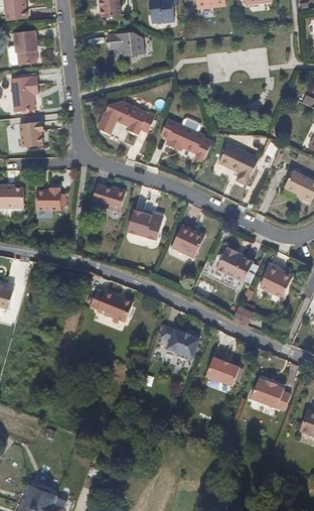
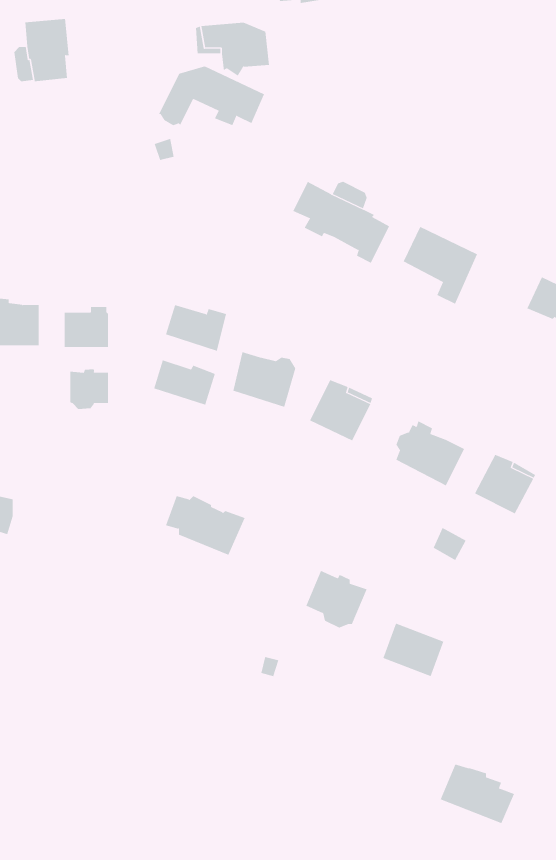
building: [12,74,38,109] -> none
building: [98,98,155,130] -> [158,66,265,126]
building: [20,122,42,147] -> none
building: none -> [154,360,215,406]
building: none -> [70,369,109,410]
building: [252,378,292,410] -> [440,764,515,824]

